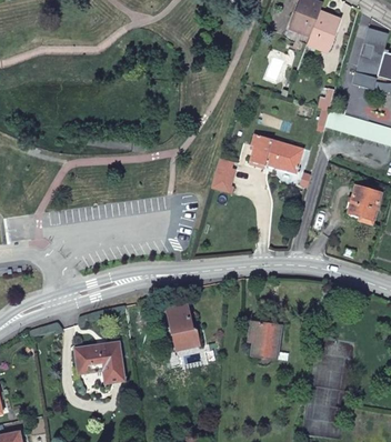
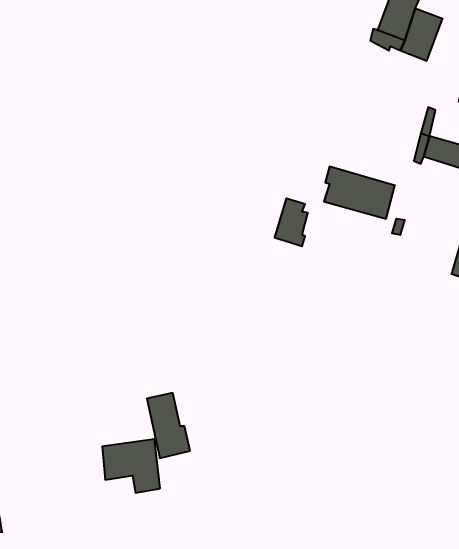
building: [167,301,200,351] -> [147,393,190,458]
building: [250,323,281,364] -> none

